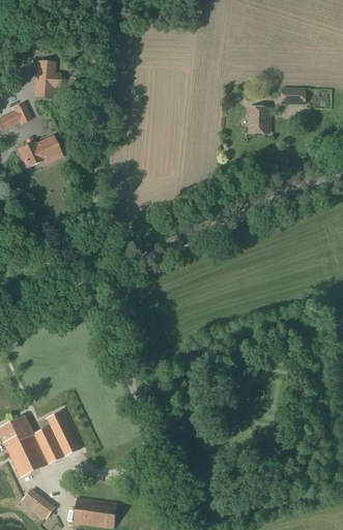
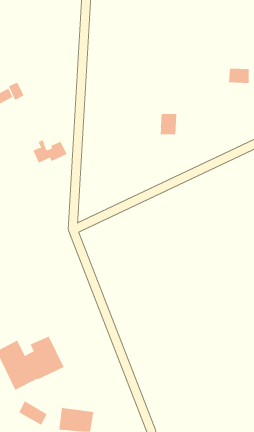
building: [34,61,59,96] -> none
building: [249,107,269,132] -> [160,114,177,135]
building: [19,137,61,166] -> [33,139,68,163]

